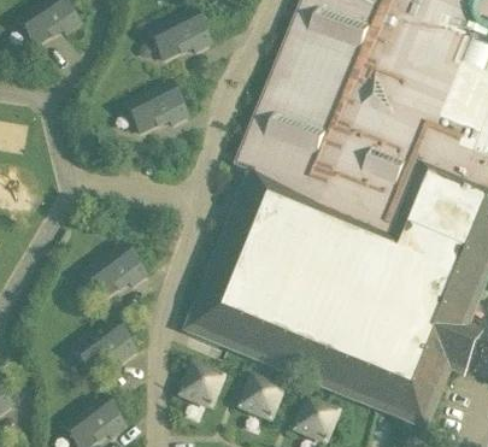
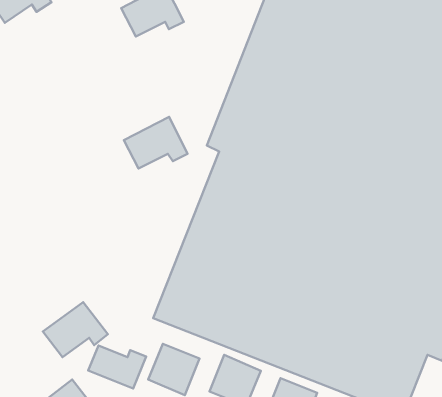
building: [127,81,189,131] -> [124,117,188,168]
building: [84,243,148,299] -> none
building: none -> [88,345,146,389]

